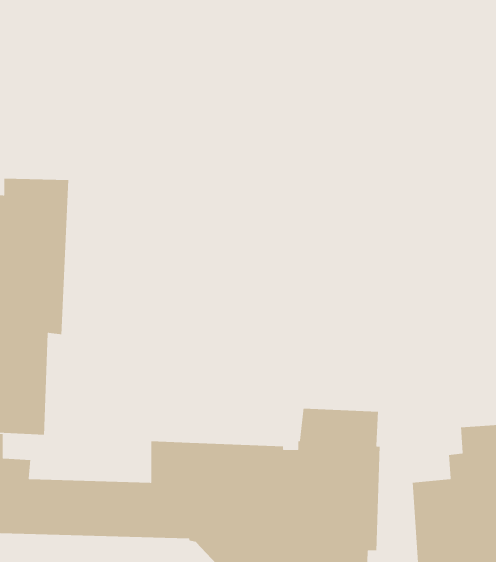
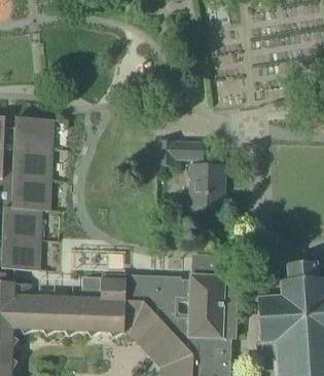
building: none -> [156,139,224,224]

